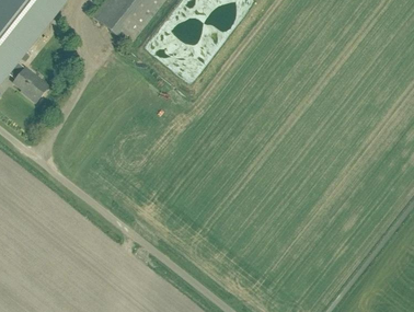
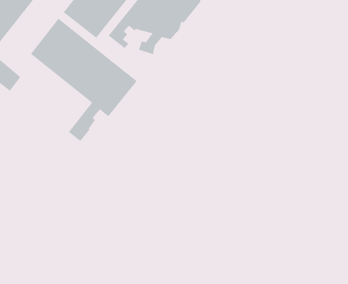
building: none -> [30,18,138,142]

